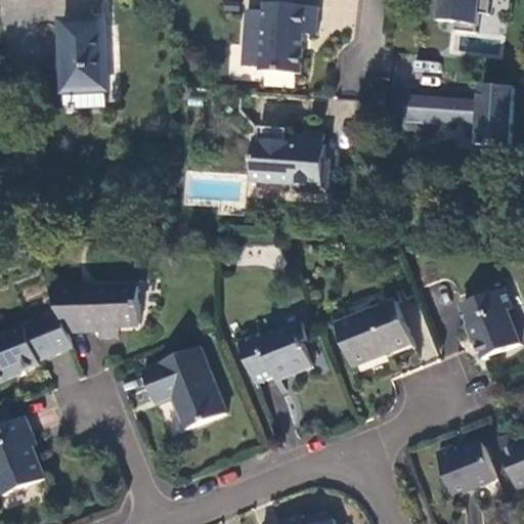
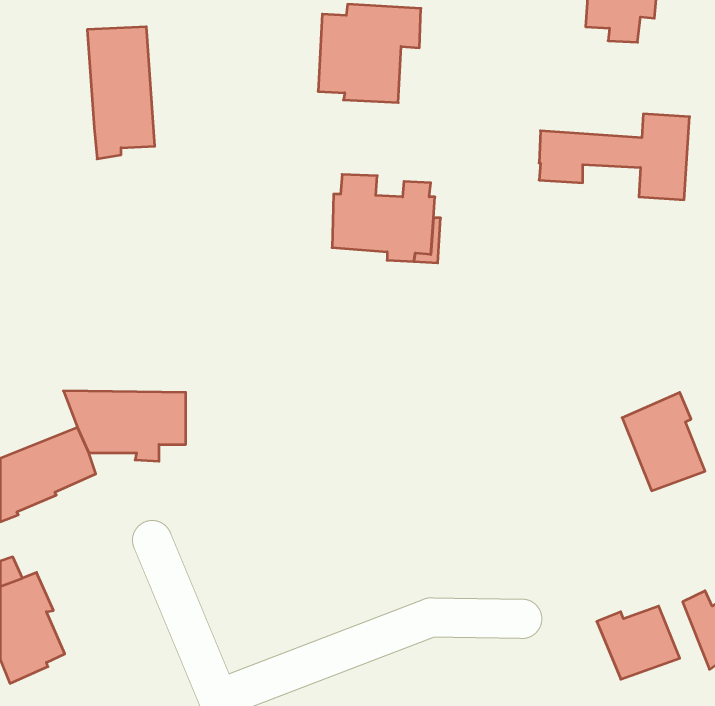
building: [340,300,411,364] -> none
building: [224,326,302,388] -> none
building: [145,346,226,426] -> none

